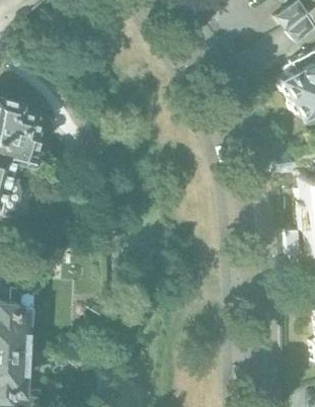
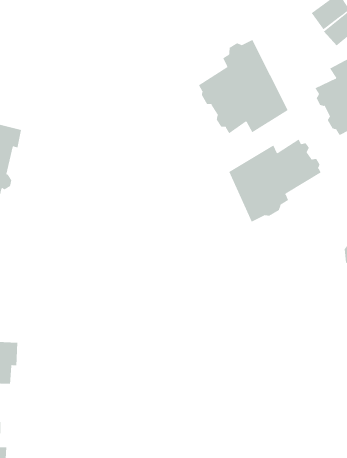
building: none -> [198,39,288,134]
building: none -> [228,139,321,223]

